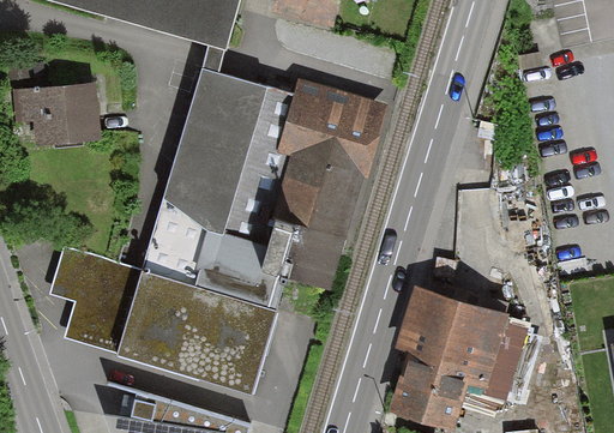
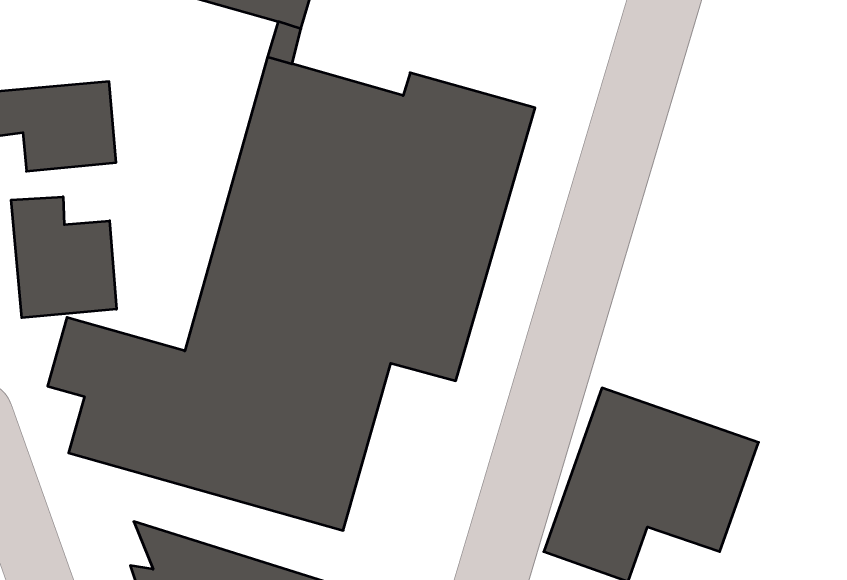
building: none -> [11,197,116,318]

